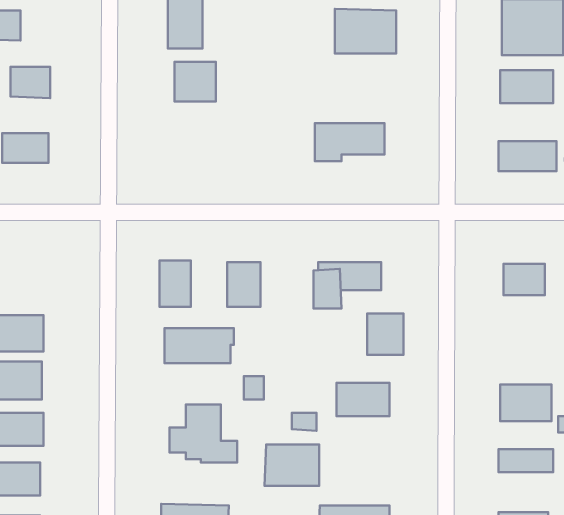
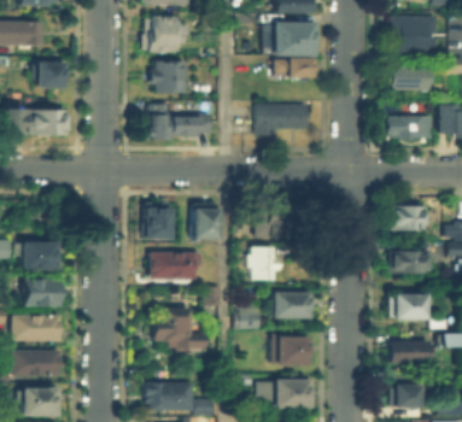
building: none -> [274,55,316,76]
building: none -> [146,105,211,139]
building: [367,313,403,355] -> [250,250,276,280]
building: none -> [392,254,427,274]
building: [264,445,319,486] -> [270,334,310,364]

